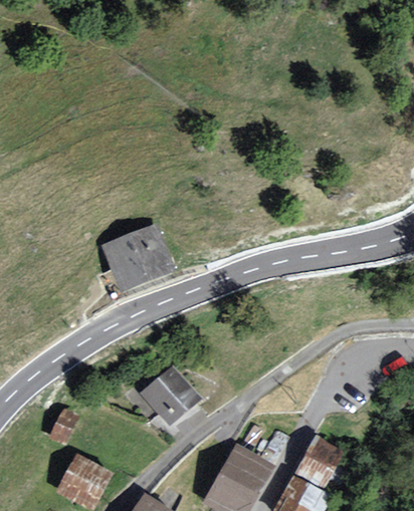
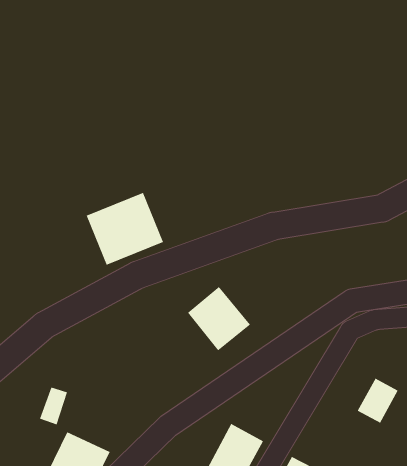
building: [143,366,203,428] -> [187,286,251,351]
building: [295,438,335,481] -> [357,378,398,424]

